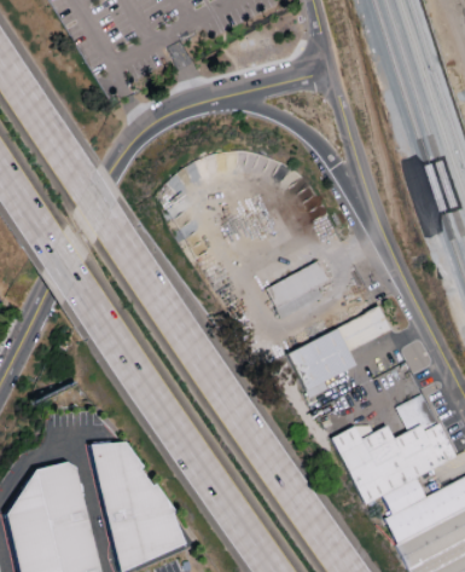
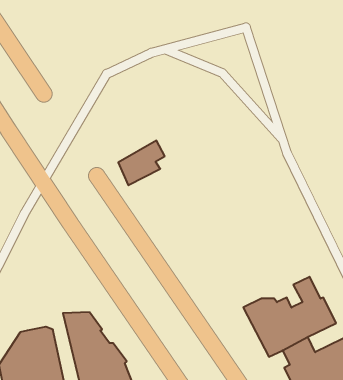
building: [269,261,331,320] -> [118,141,165,185]
building: [286,305,393,392] -> none

